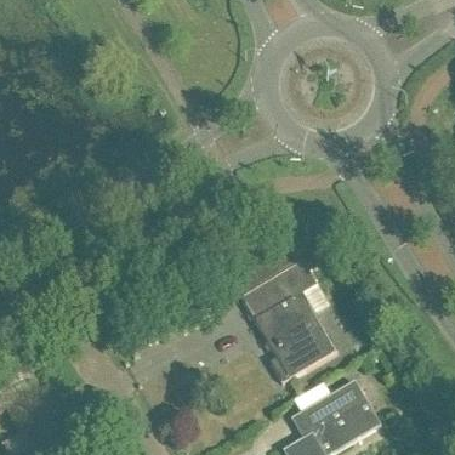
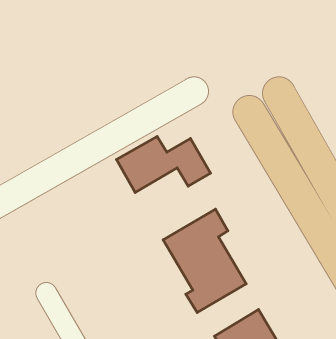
building: none -> [116,137,210,193]

